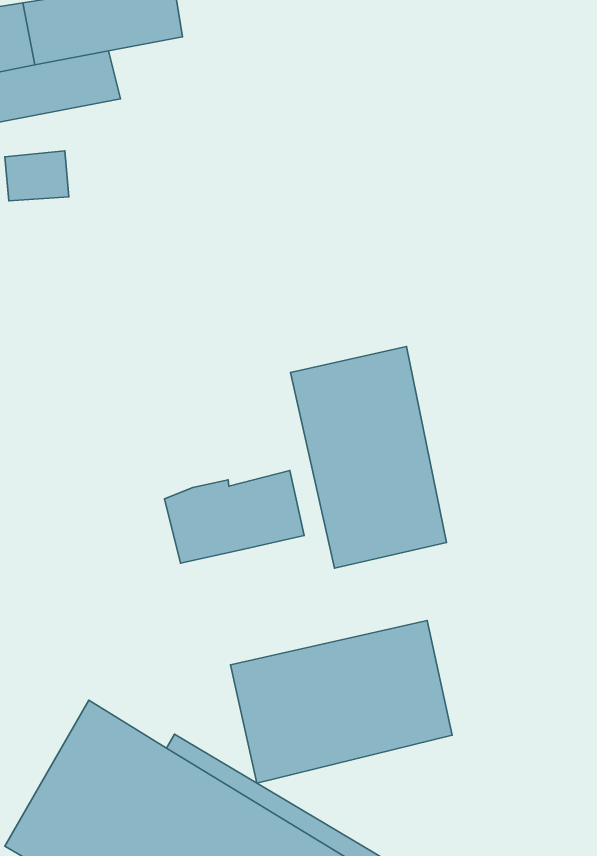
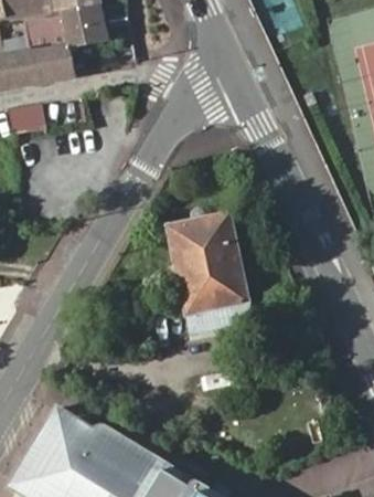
building: [165,470,304,563] -> none
building: [230,621,452,783] -> none

